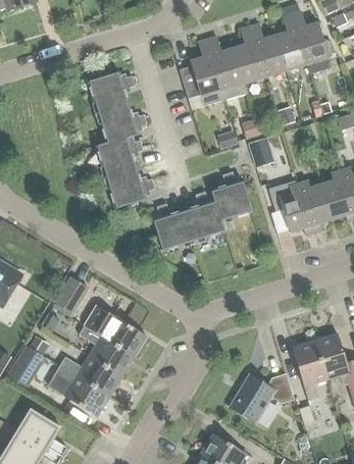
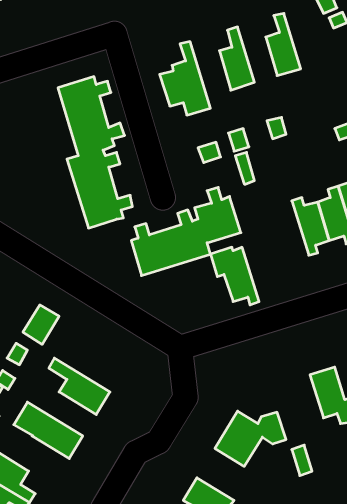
building: [292,10,333,72] -> none
building: [250,22,286,75] -> none
building: [207,36,247,99] -> none
building: [270,183,314,235] -> [210,247,259,305]
building: [85,311,147,355] -> none
building: [293,340,327,400] -> none
building: [60,355,122,395] -> none

